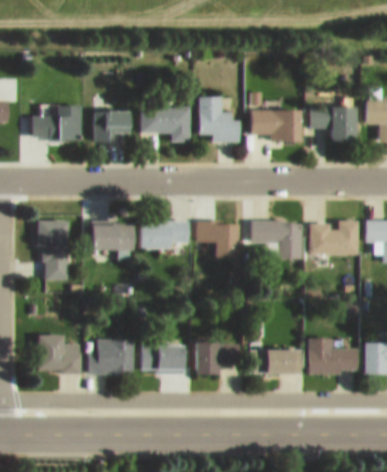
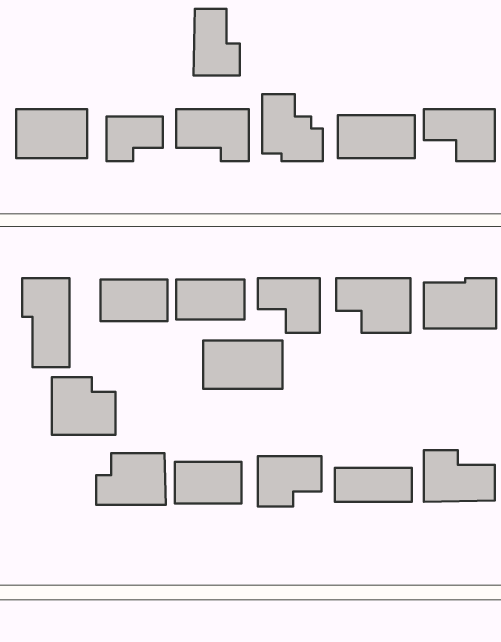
building: none -> [193,9,240,75]
building: none -> [203,340,283,389]
building: [36,334,79,374] -> [52,377,115,435]

